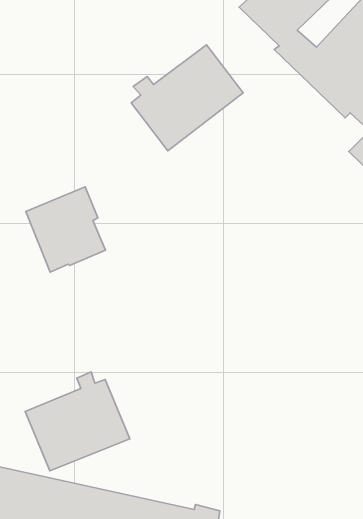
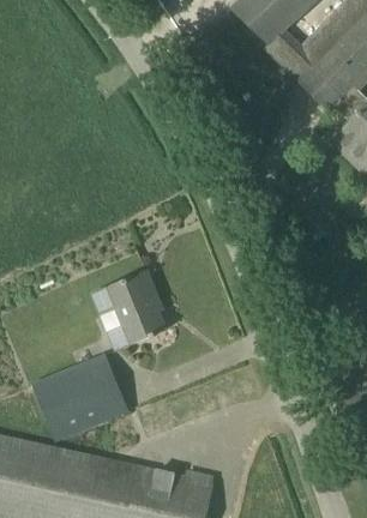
building: [131,45,243,151] -> none
building: [26,187,106,272] -> [91,272,166,351]

